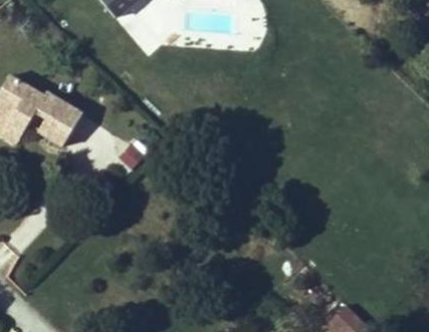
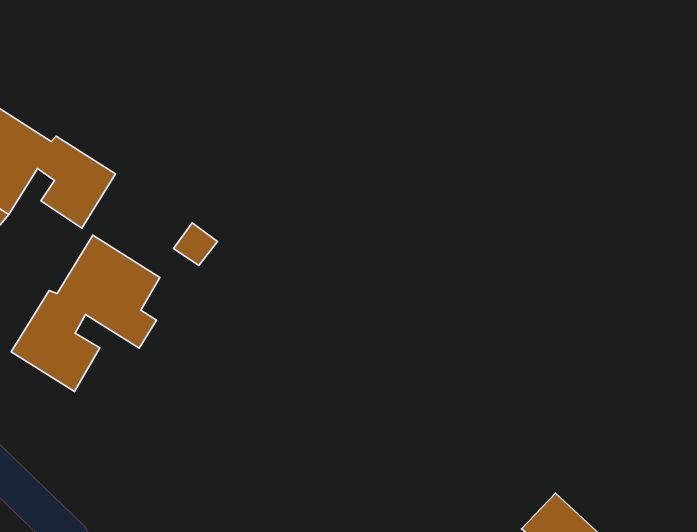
building: none -> [11,235,160,391]

